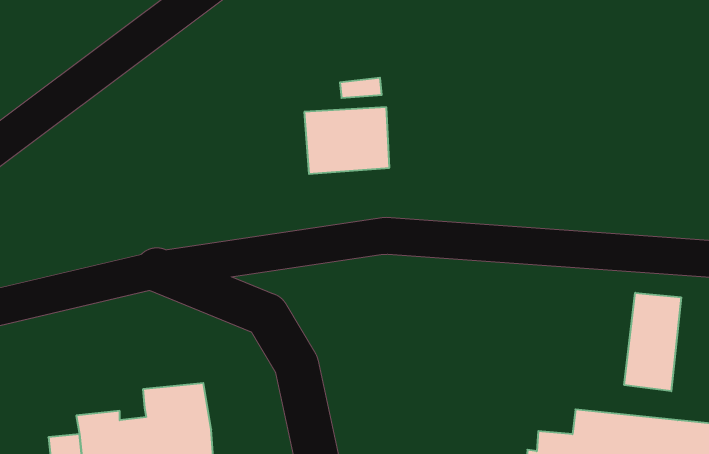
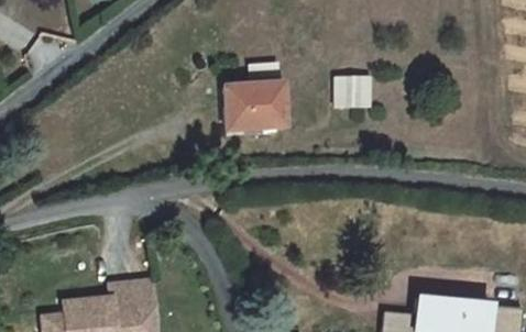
building: none -> [333,76,370,106]
building: [624,293,681,391] -> none

